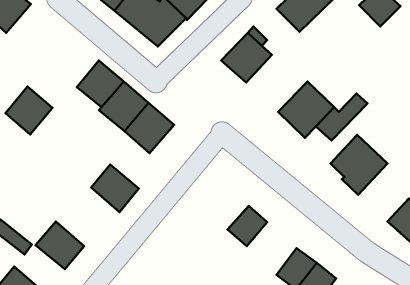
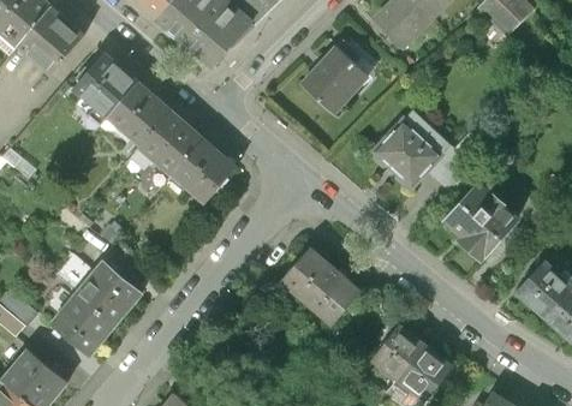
building: none -> [17,8,83,74]
building: [5,87,52,134] -> [77,54,138,117]
building: [91,164,139,212] -> [82,262,144,324]
building: none -> [281,250,334,303]

